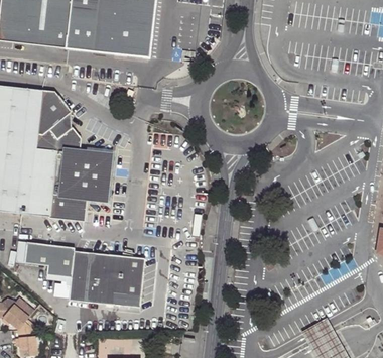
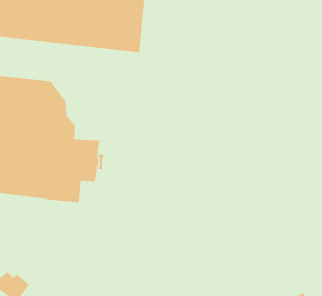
building: [23,242,144,307] -> none

